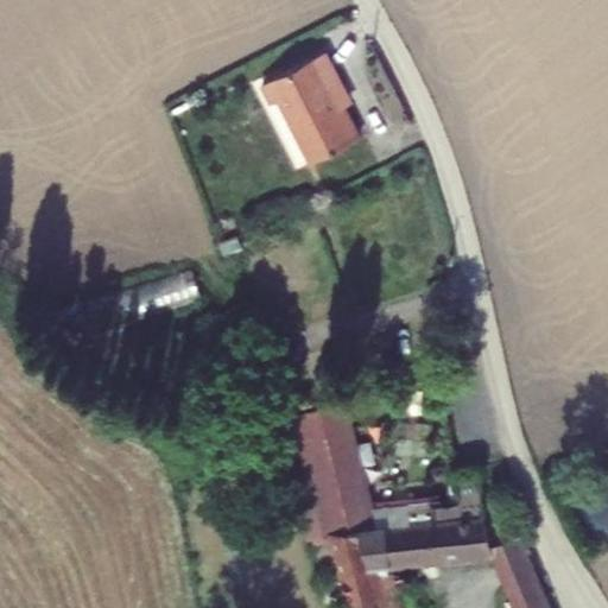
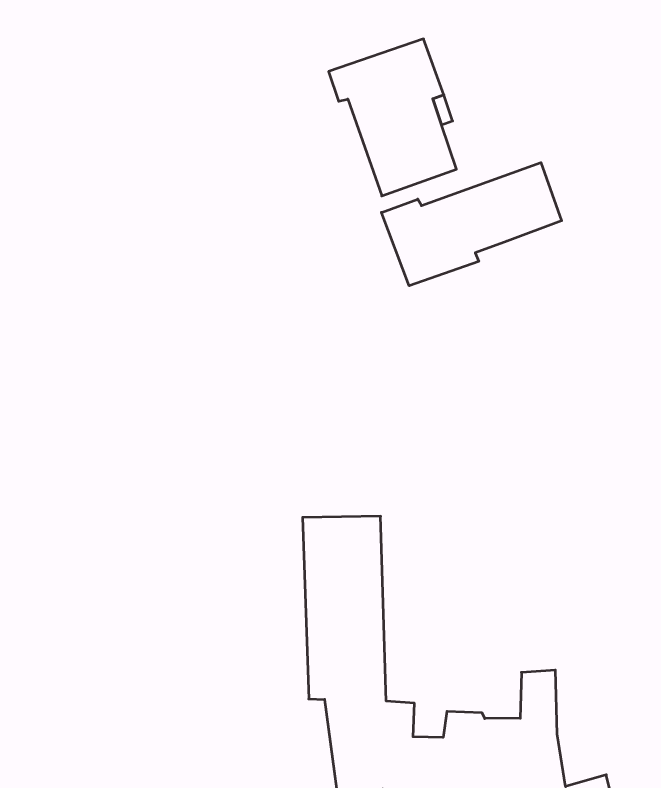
building: none -> [381,163,562,286]

